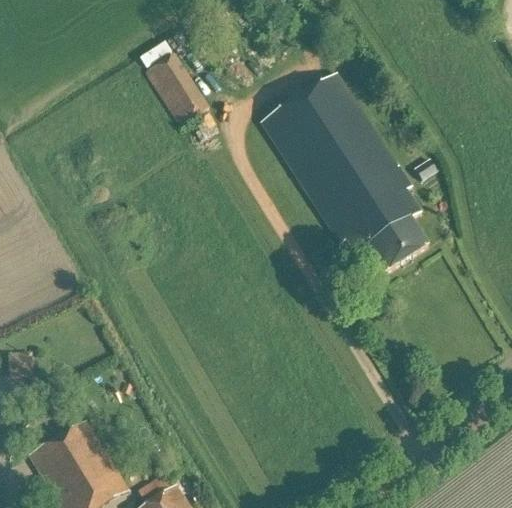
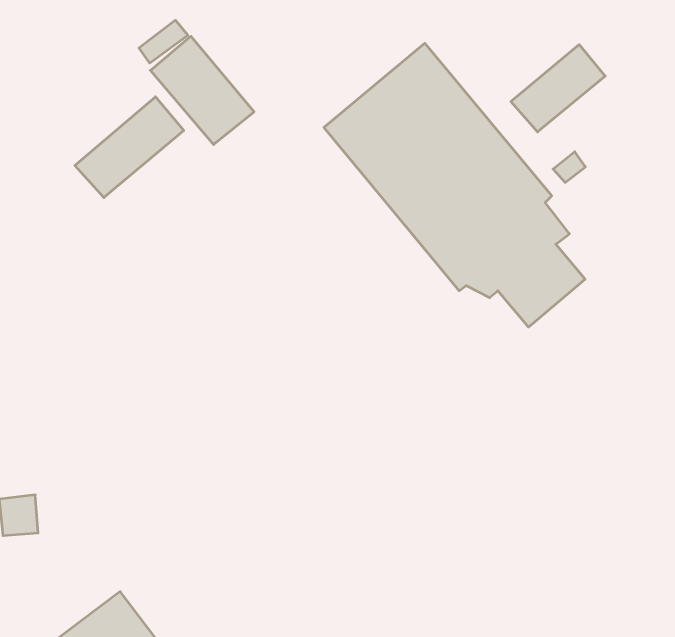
building: none -> [511,45,605,132]
building: none -> [75,97,184,198]

